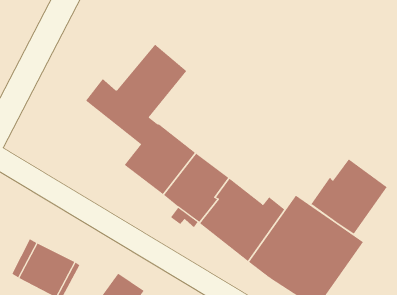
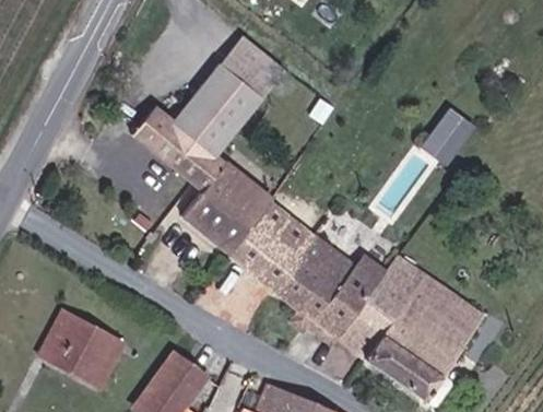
building: none -> [220,33,285,97]
building: none -> [418,99,476,161]
building: [311,158,388,235] -> none

